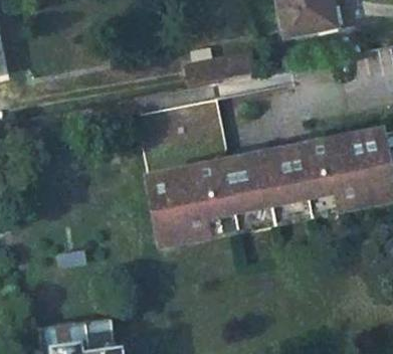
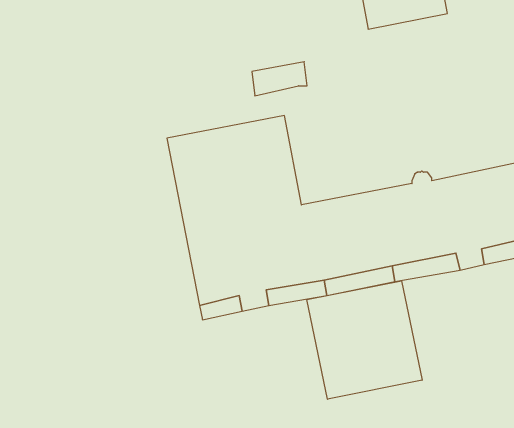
building: none -> [307,281,422,399]

